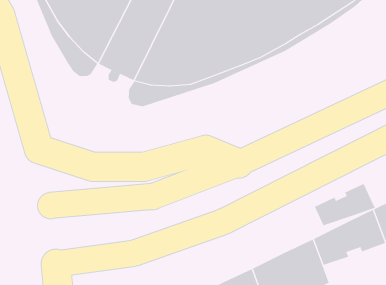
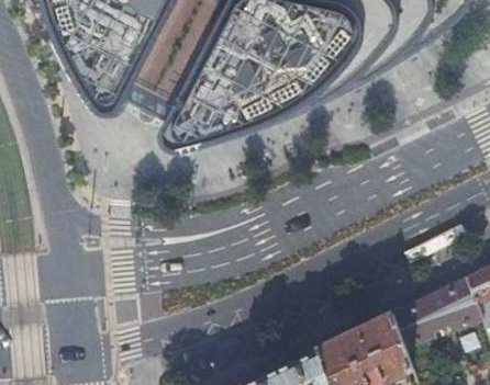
building: [314,183,375,226] -> none

